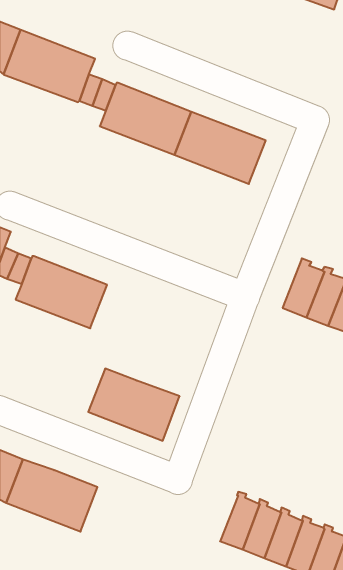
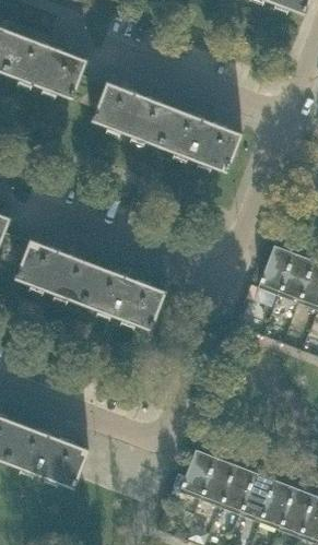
building: [88,369,180,441] -> [83,266,166,332]
building: none -> [180,447,217,499]

